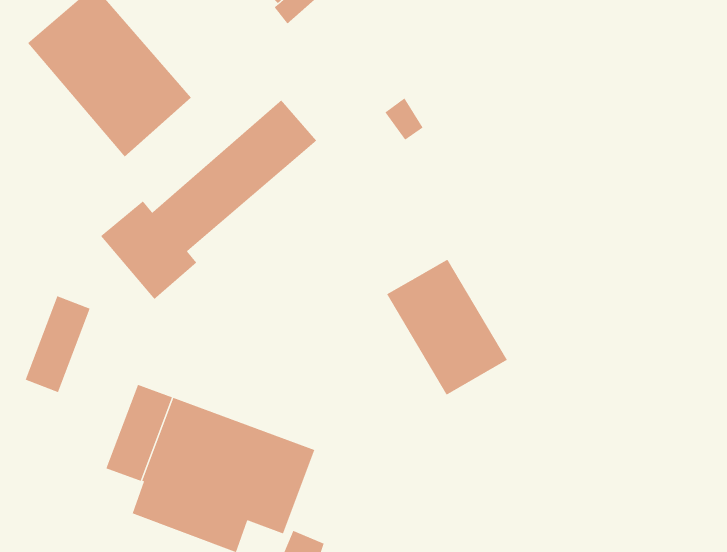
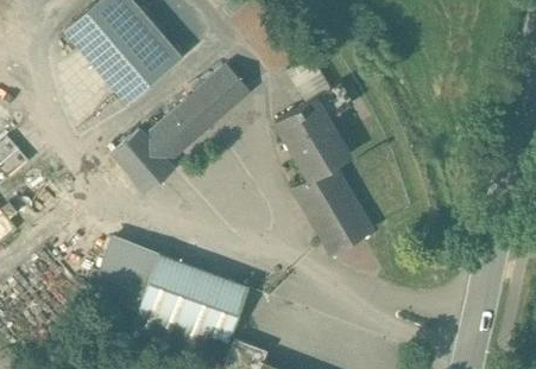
building: none -> [276,82,353,179]
building: [25,295,90,393] -> [94,237,135,299]

